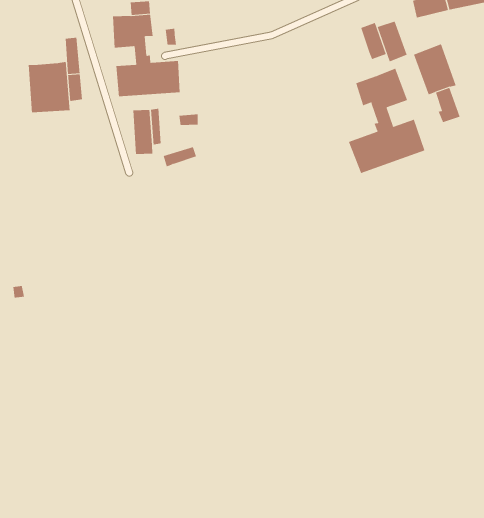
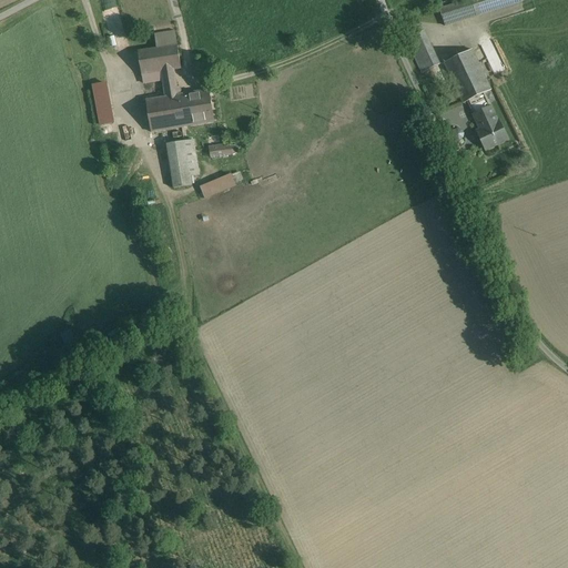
building: [360,22,386,60] -> none
building: [28,61,70,113] -> none
building: [348,68,425,174] -> none
building: none -> [478,119,507,149]

